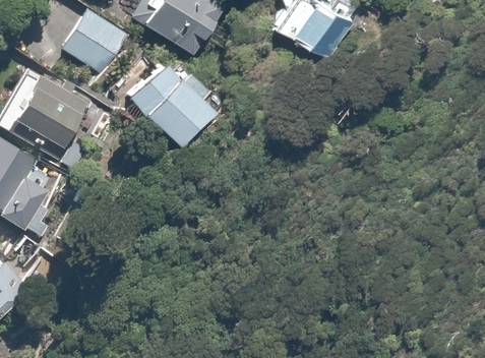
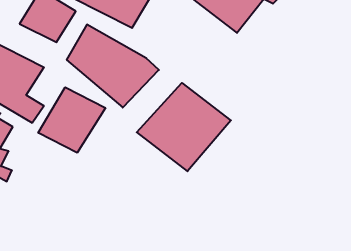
building: none -> [137,83,231,171]
building: none -> [38,87,105,153]

